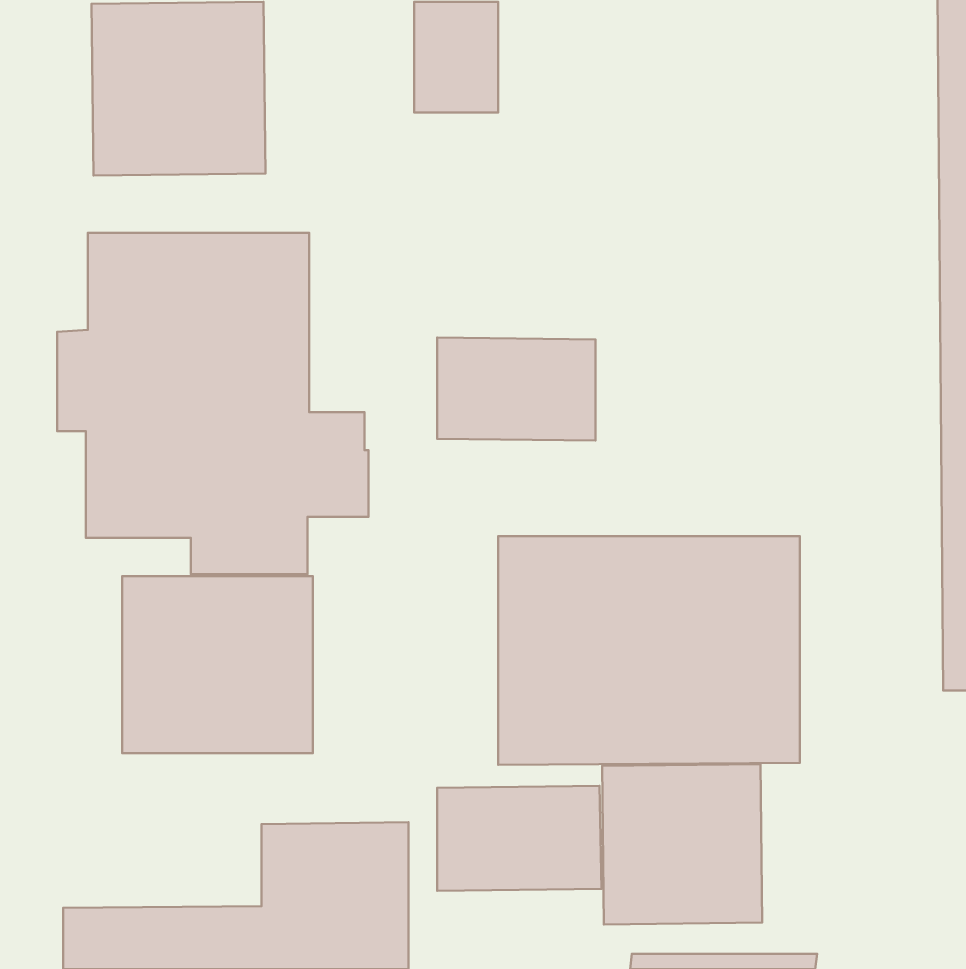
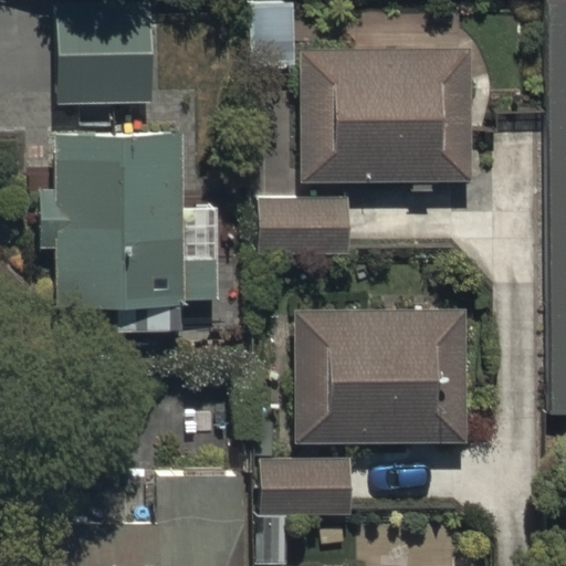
building: none -> [300,50,473,181]
building: [122,576,313,753] -> none
building: [602,764,762,924] -> none

